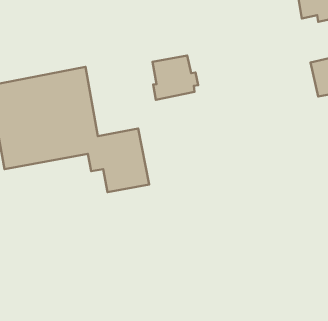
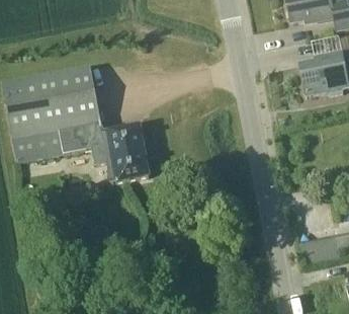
building: [153,56,198,100] -> none

